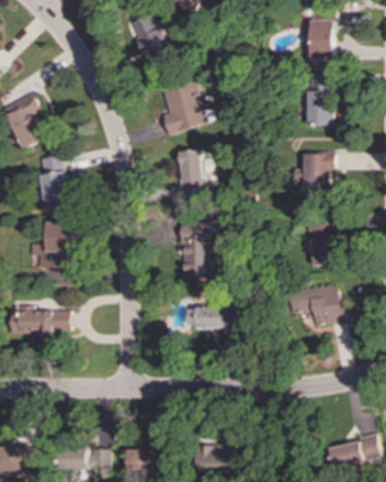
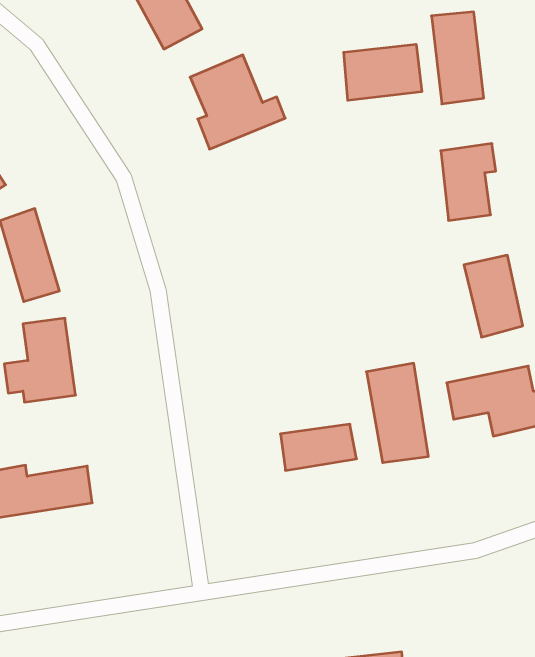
building: none -> [344,44,422,100]
building: [177,148,205,200] -> none
building: [181,221,211,277] -> [366,363,428,463]

